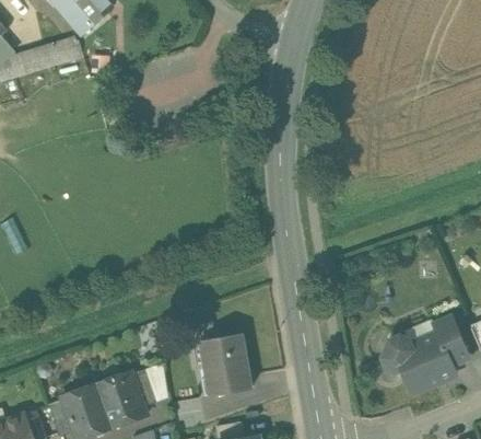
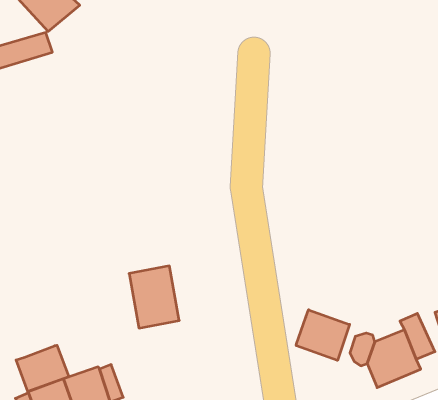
building: none -> [296,310,350,360]
building: [200,333,250,395] -> [129,266,179,328]
building: none -> [16,345,69,392]

